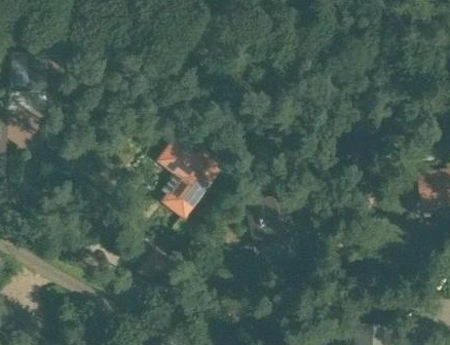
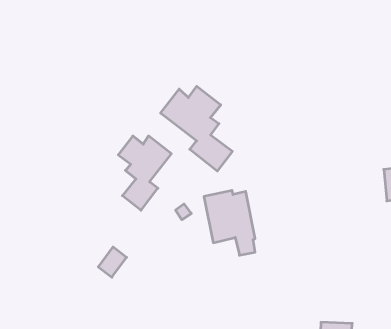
building: none -> [161,86,232,171]

